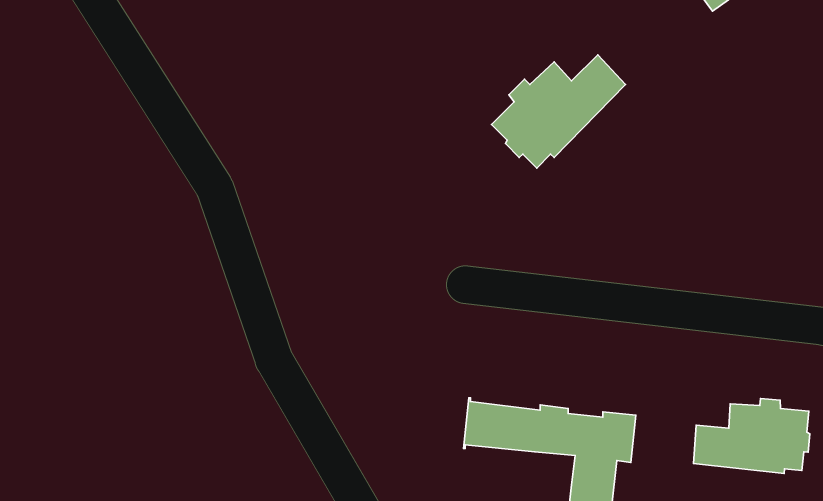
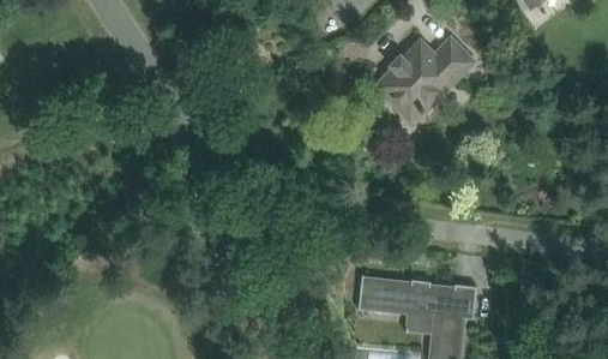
building: [693,398,810,473] -> none

